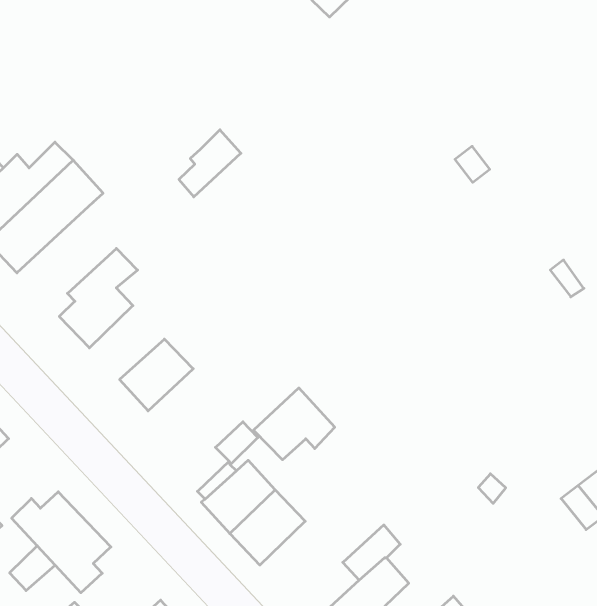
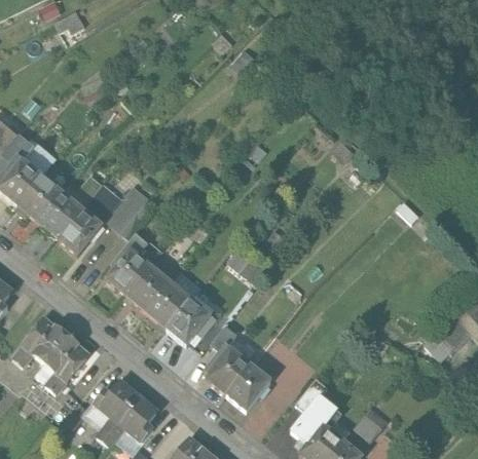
building: [179,130,241,197] -> [114,187,149,229]
building: none -> [128,265,173,310]
building: [254,388,335,460] -> [169,298,217,342]

